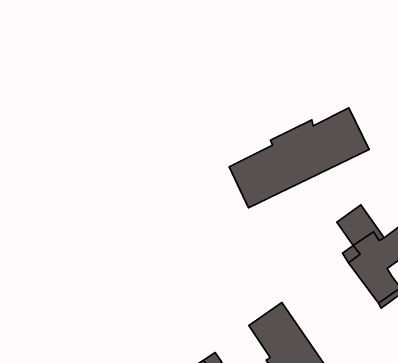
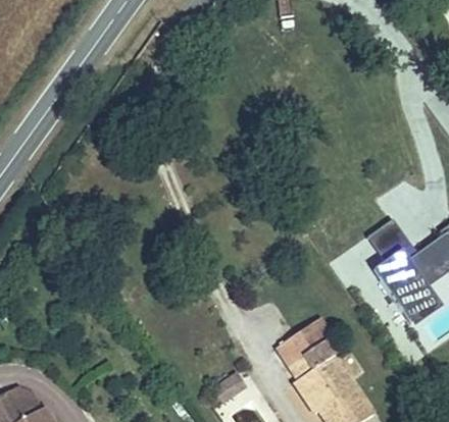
building: [229,108,369,208] -> none

